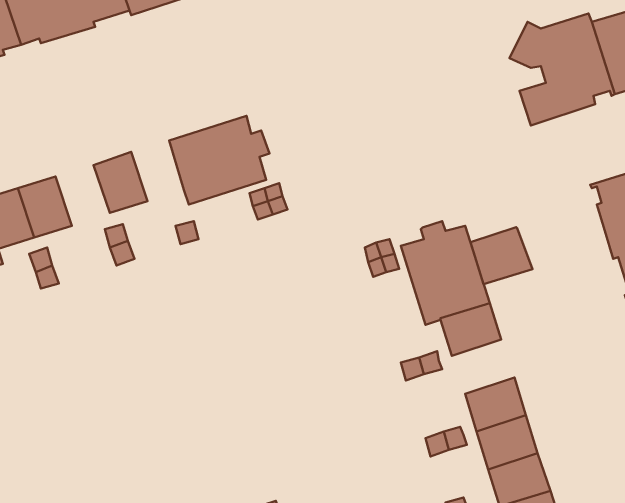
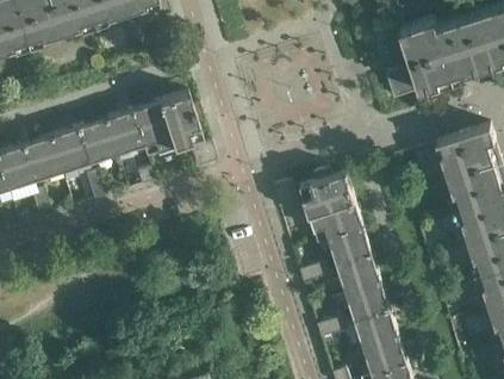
building: none -> [102,113,141,157]
building: none -> [48,131,87,175]
building: [470,227,532,284] -> none
building: none -> [335,257,380,297]

